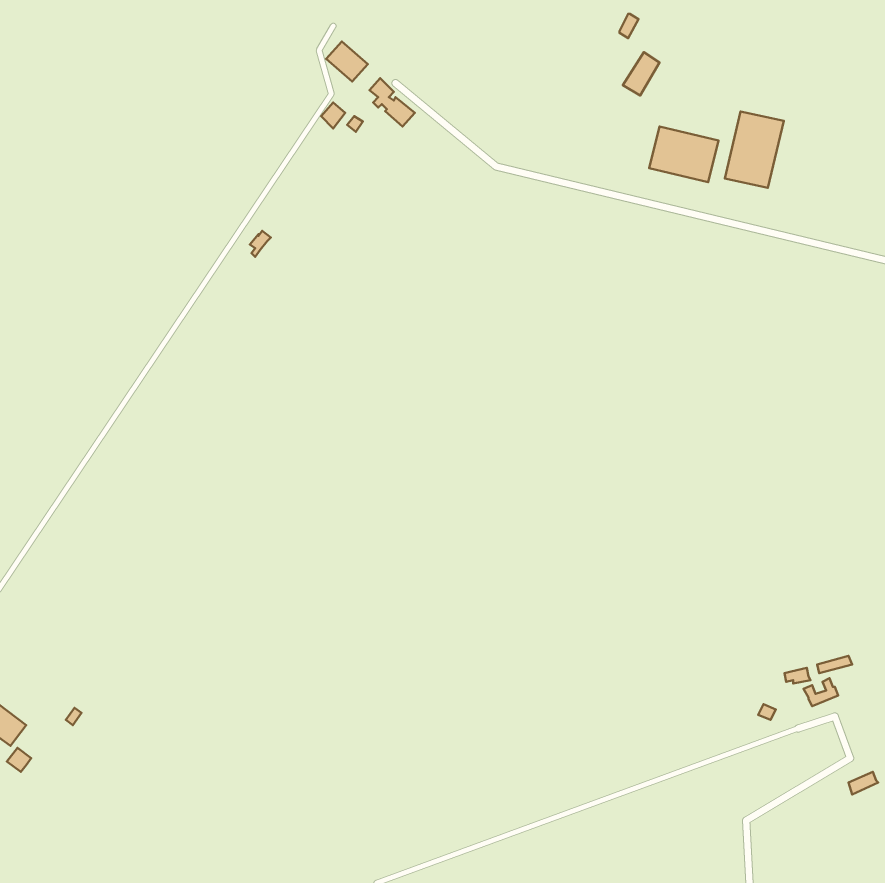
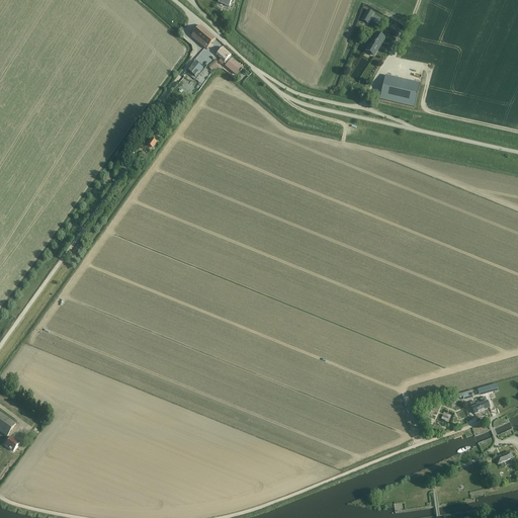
building: [725,111,784,188] -> none

